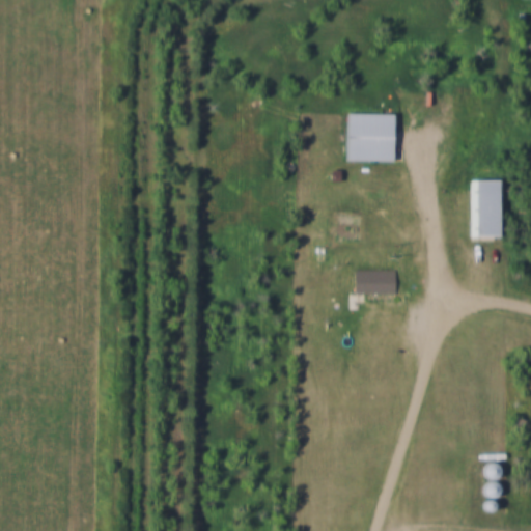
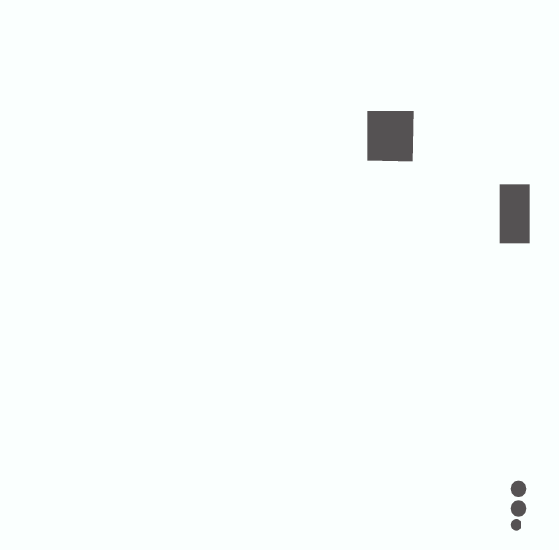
building: [355,271,395,294] -> none

